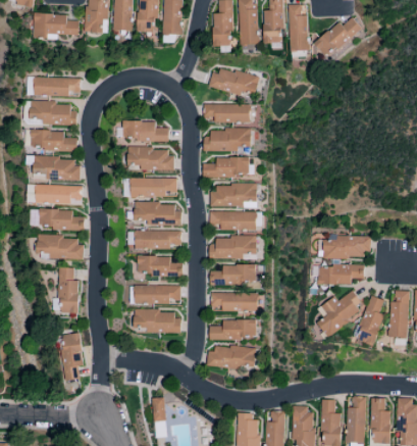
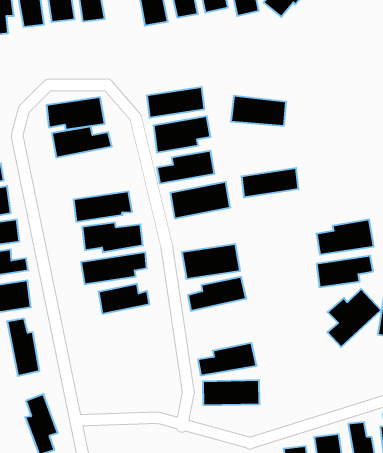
building: [210,65,258,97] -> [231,96,286,126]
building: [126,147,172,170] -> [46,97,105,129]
building: [209,211,256,230] -> [241,168,299,197]
building: [134,285,180,304] -> none
building: [212,292,257,311] -> none
building: [134,309,178,333] -> none

